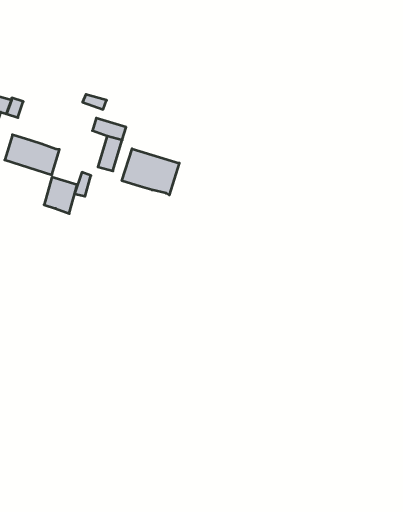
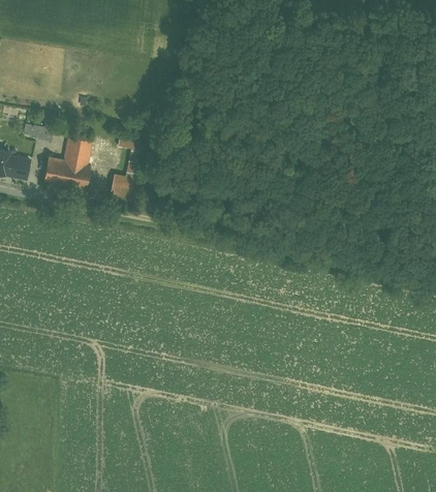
building: [122,149,179,195] -> none
building: [44,177,77,214] -> [63,137,90,167]

